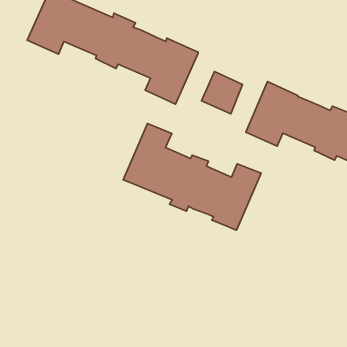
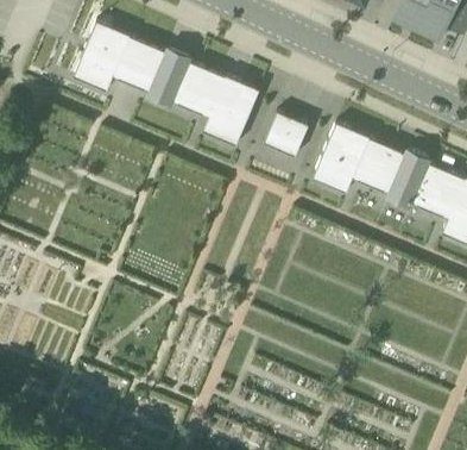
building: [123,123,261,230] -> none

